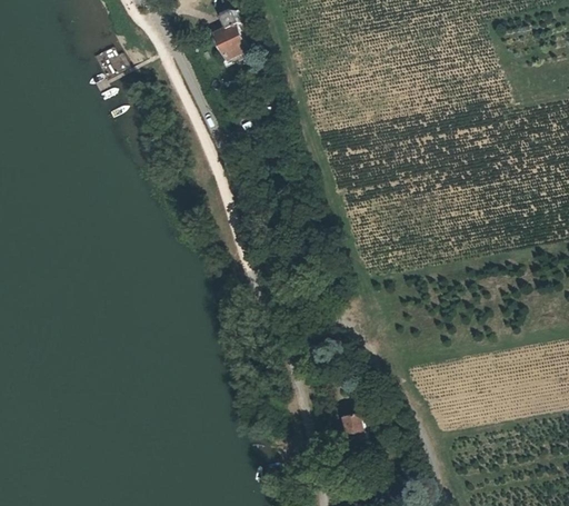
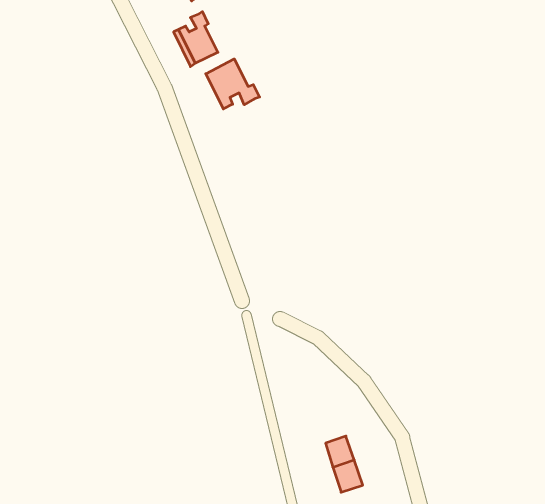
building: none -> [206,59,260,109]

